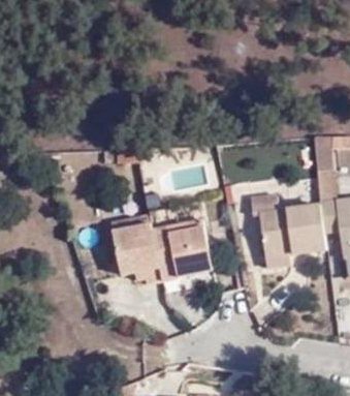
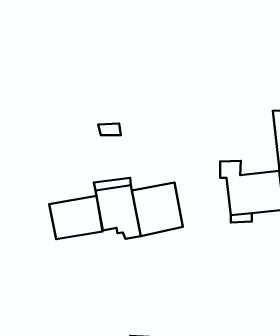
building: none -> [49,196,103,239]

